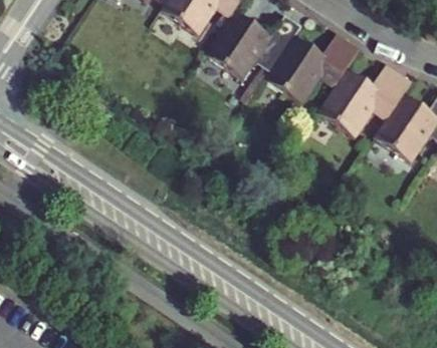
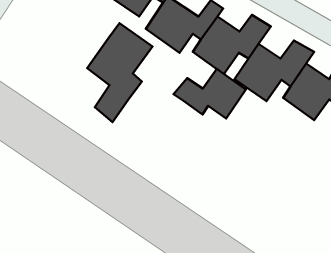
building: none -> [87,23,153,122]
building: none -> [174,69,246,118]

